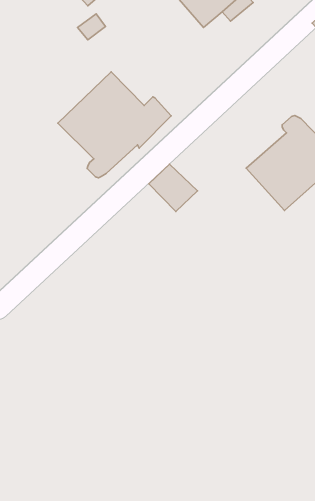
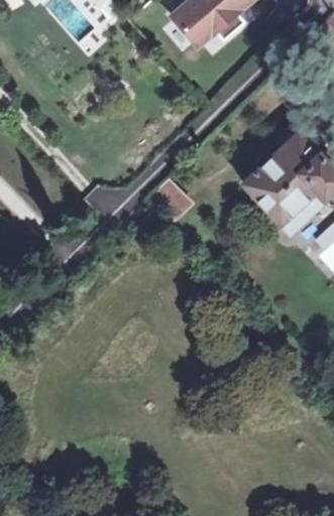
building: [58,72,171,178] -> none

